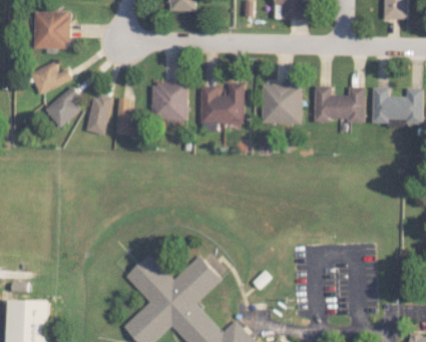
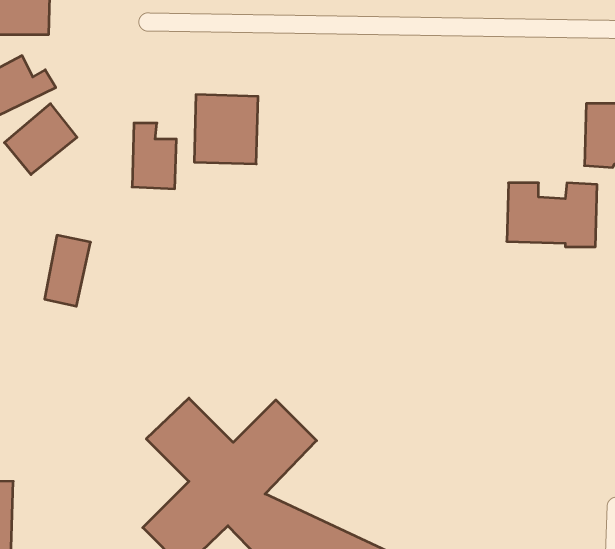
building: [200,83,245,131] -> none
building: [261,84,302,124] -> none
building: [314,86,365,122] -> [507,183,597,247]
building: [86,94,112,134] -> [45,235,91,306]

